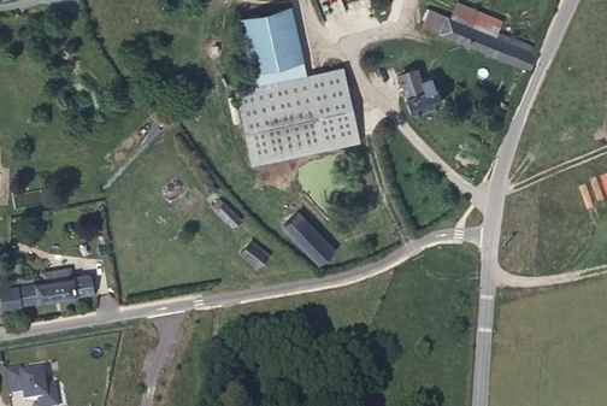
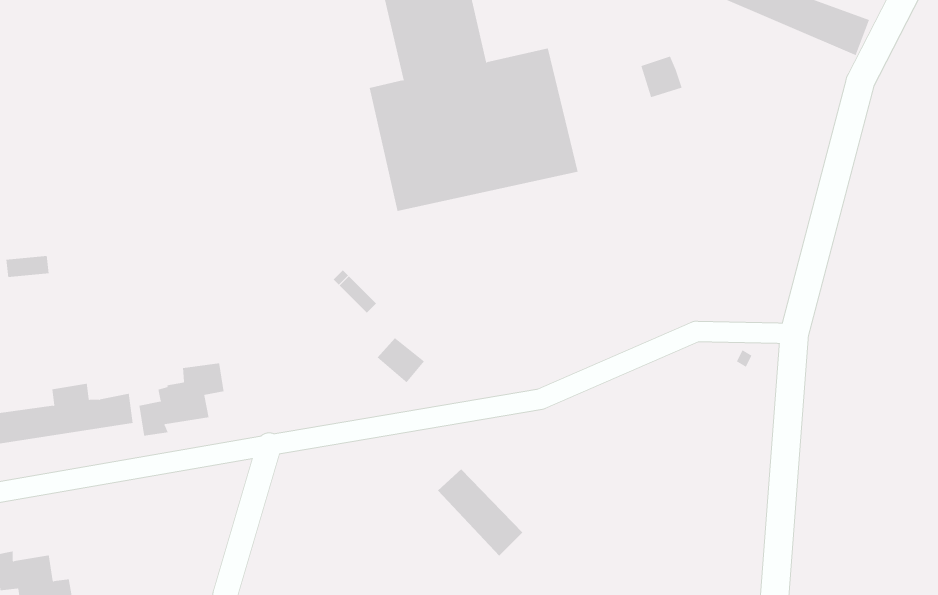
building: [406,76,443,112] -> none
building: [283,212,335,265] -> [437,469,523,556]
building: none -> [139,362,224,436]

